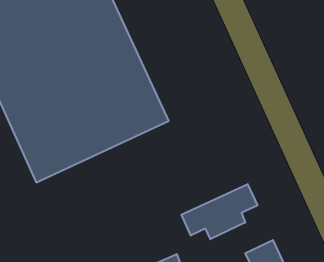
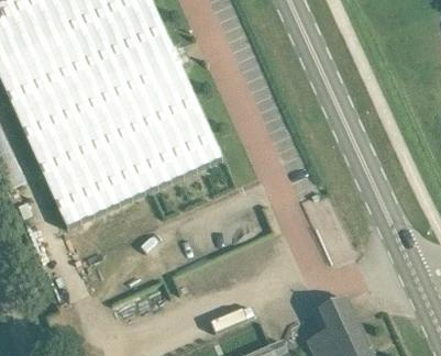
building: [182,184,257,239] -> none

